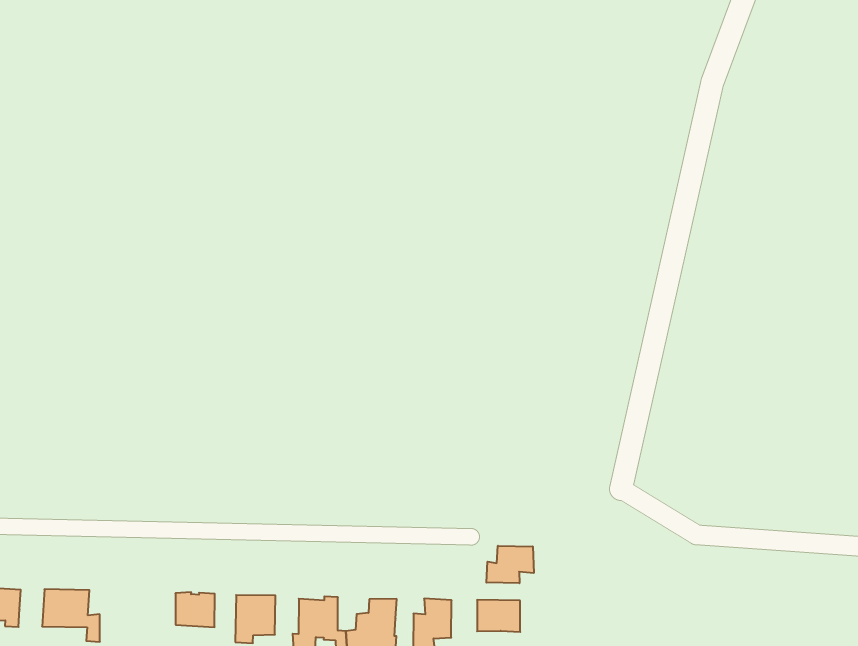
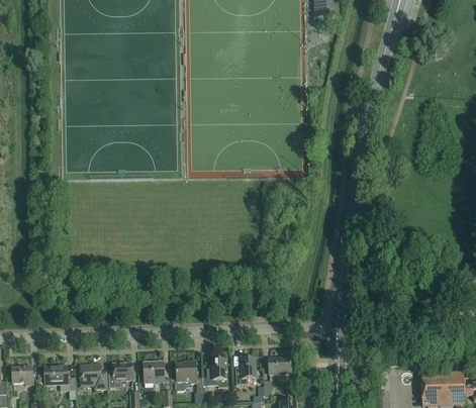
building: [486,546,534,583] -> none
building: none -> [79,363,108,386]

